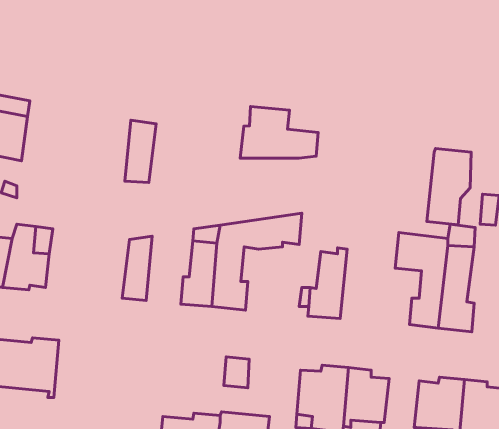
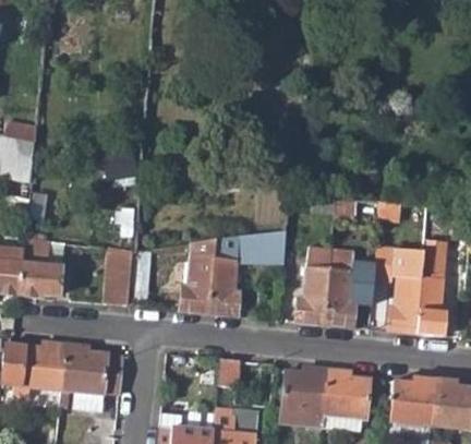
building: [240,107,318,158] -> none
building: [125,120,156,182] -> [104,248,132,304]
building: [427,148,471,225] -> [324,256,364,326]
building: none -> [61,343,124,415]

